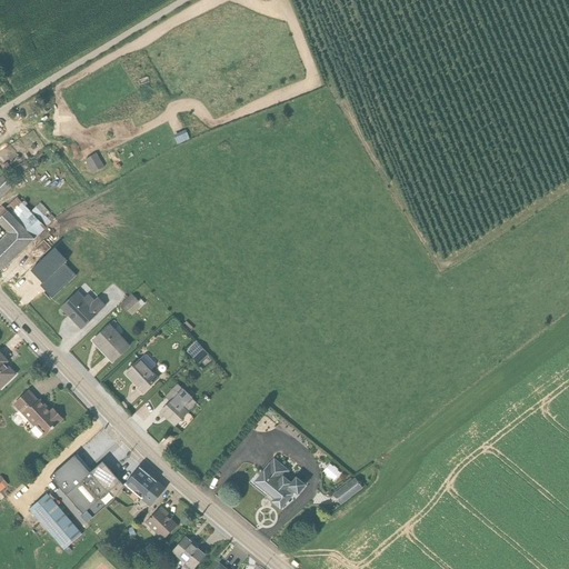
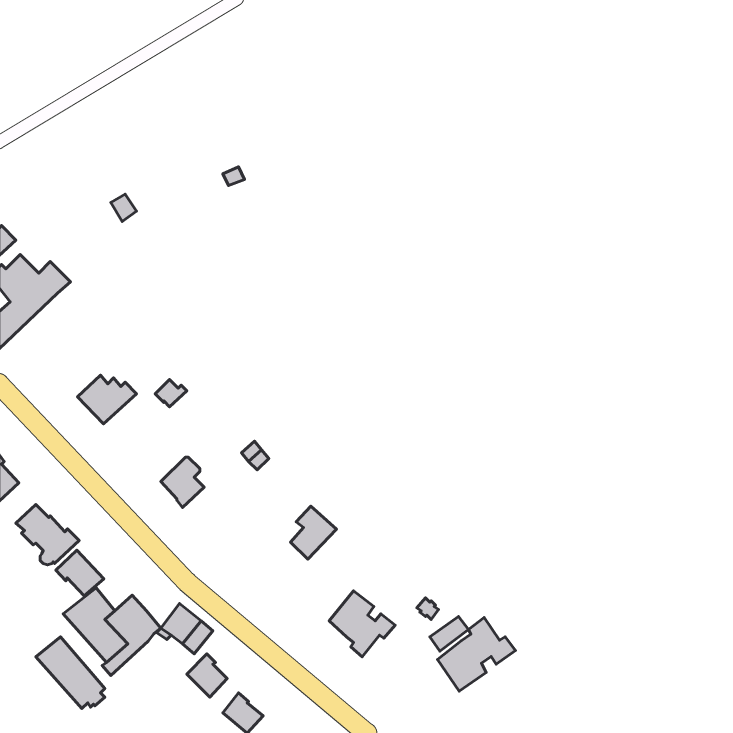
building: [36,250,78,295] -> none
building: [93,323,129,361] -> none
building: [160,383,196,425] -> [291,506,337,559]
building: none -> [56,550,104,596]
building: none -> [438,618,516,691]

